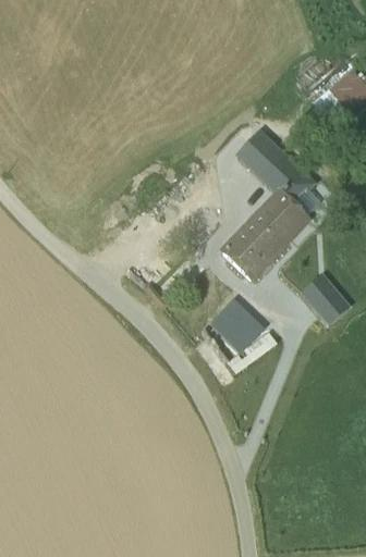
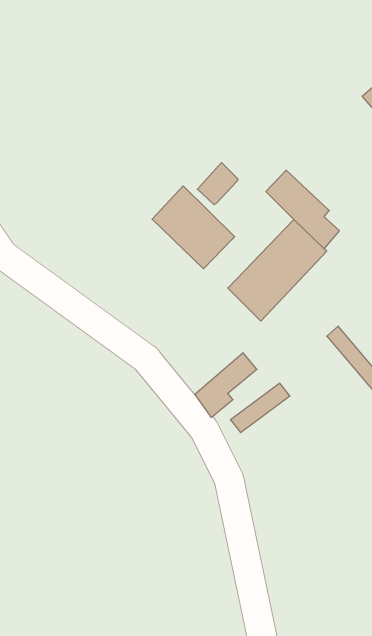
building: [237,132,272,168] -> [197,163,238,204]
building: none -> [152,186,235,269]

